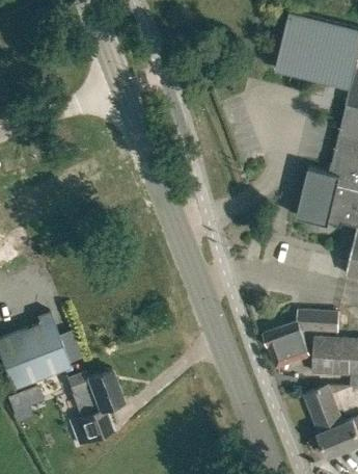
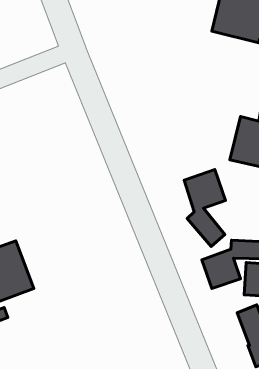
building: none -> [184,170,225,246]
building: [67,365,125,441] -> none

